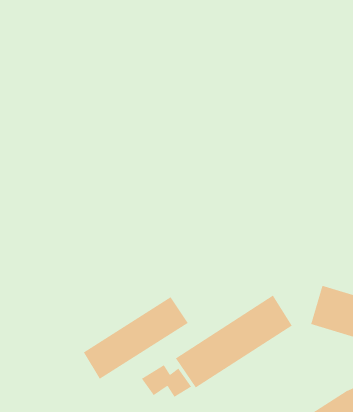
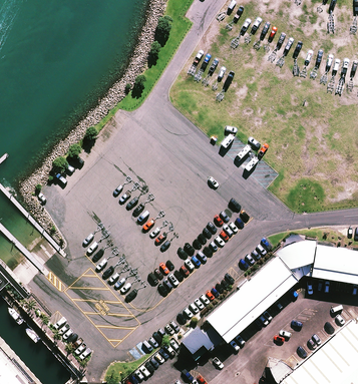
building: none -> [275,242,315,279]
building: [83,296,189,380] -> none

